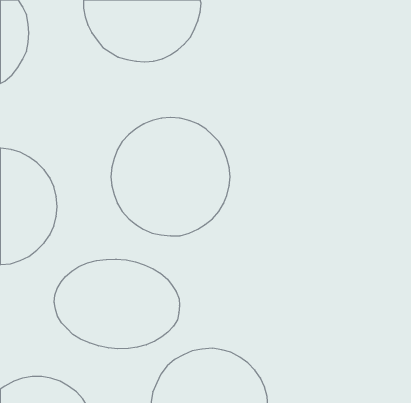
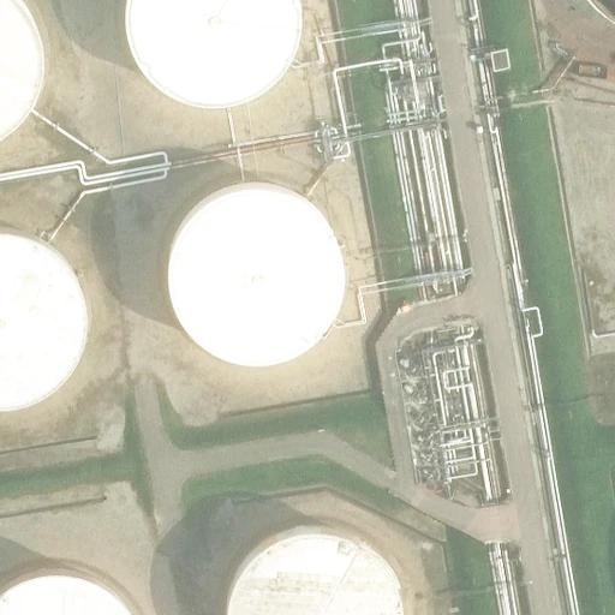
building: [54,259,179,349] -> none

